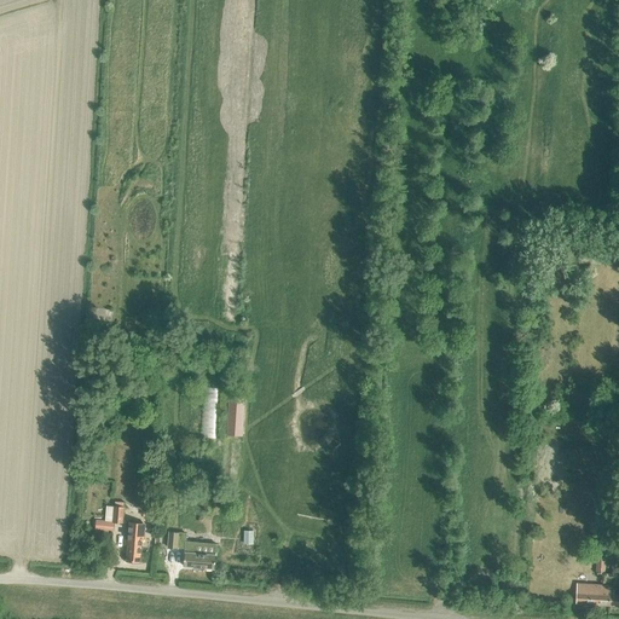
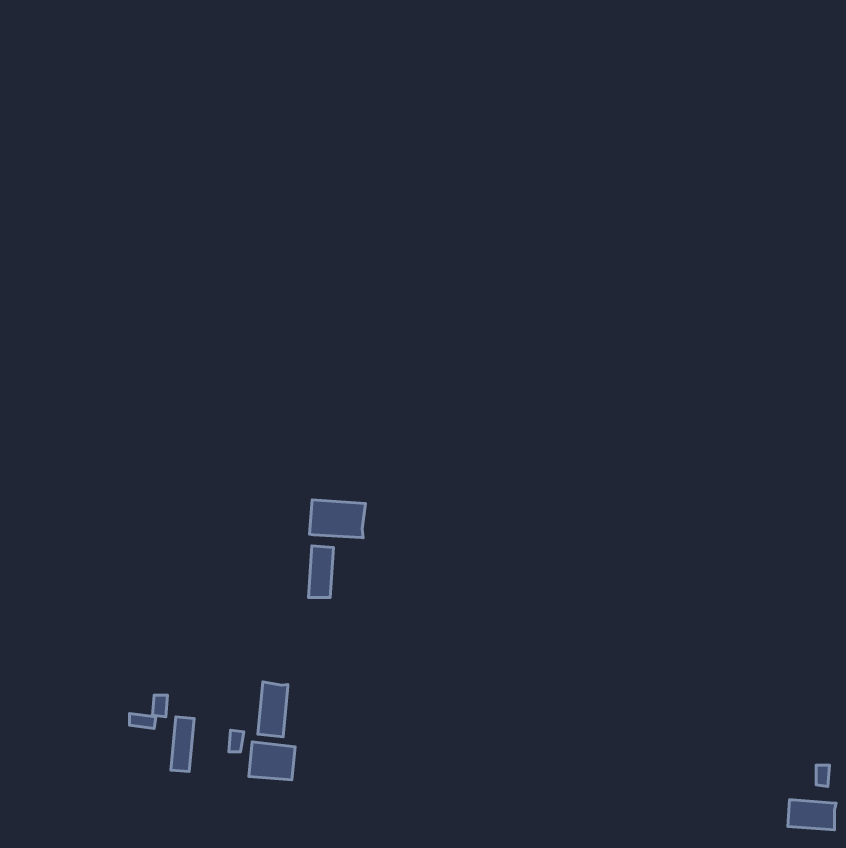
building: none -> [310,500,366,538]
building: none -> [258,682,288,737]

